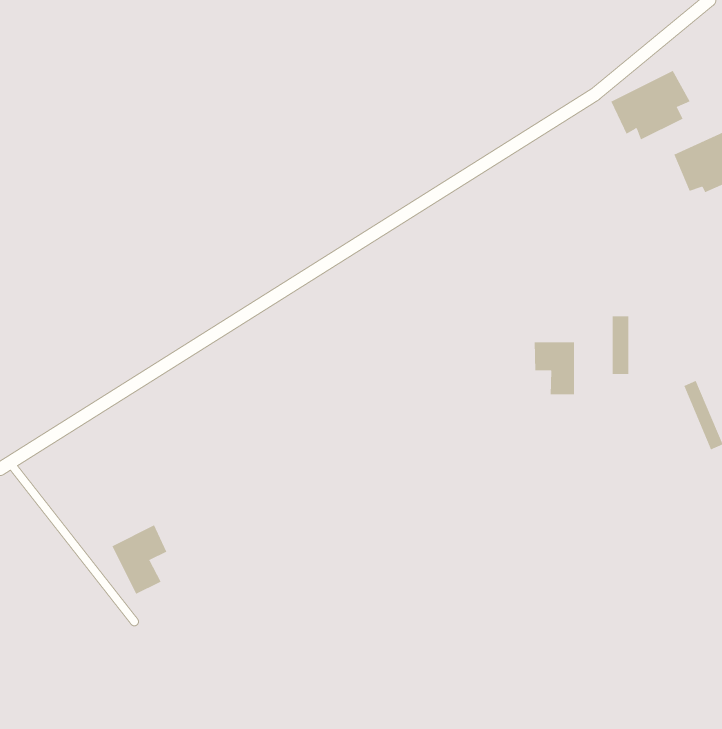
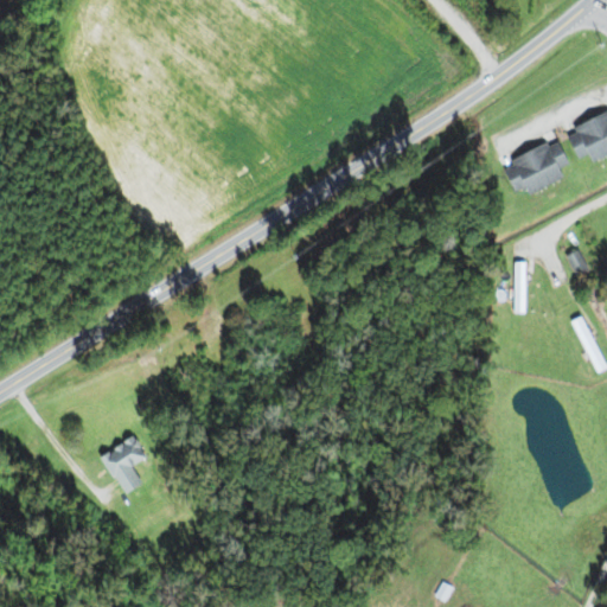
building: [610,70,690,140] -> [504,138,570,196]
building: [534,341,574,395] -> none

